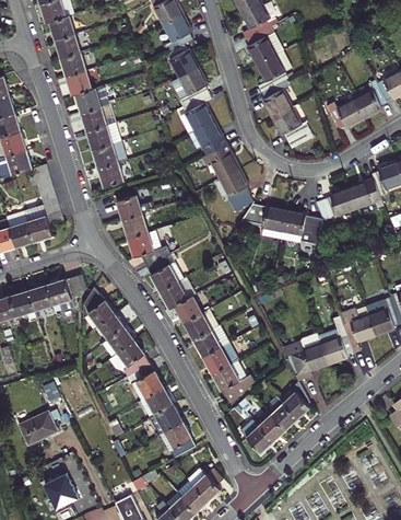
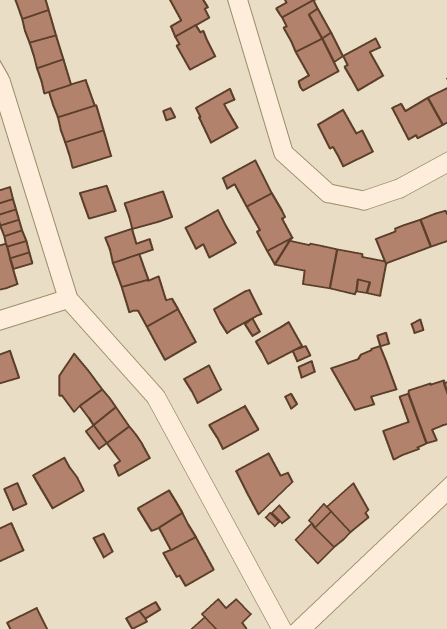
building: [170,68,208,106] -> none
building: [261,80,291,118] -> [343,38,383,90]
building: [189,120,226,155] -> [185,210,236,258]
building: [92,141,127,169] -> [125,192,172,229]
building: [46,275,86,311] -> none
building: [160,277,194,309] -> [214,290,262,333]
building: [184,309,217,339] -> [256,322,302,364]
building: [280,333,328,380] -> [331,346,397,410]
building: [202,343,237,373] -> none
building: [126,363,163,401] -> [33,458,84,508]
building: [239,419,272,452] -> none

